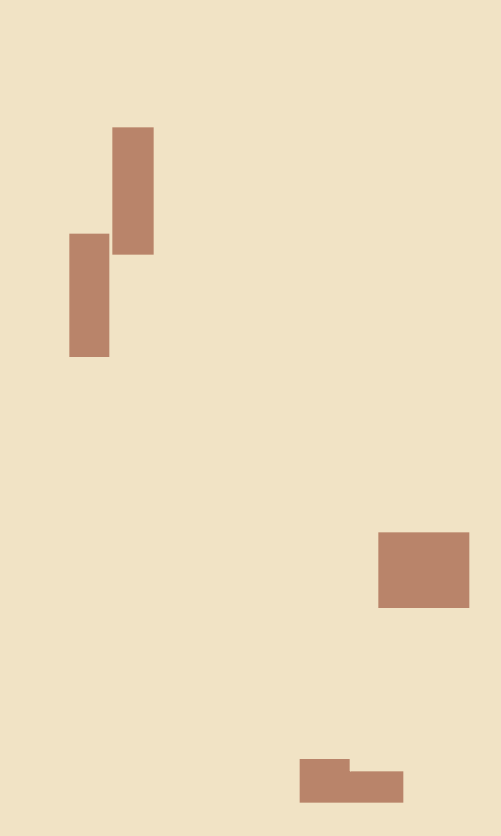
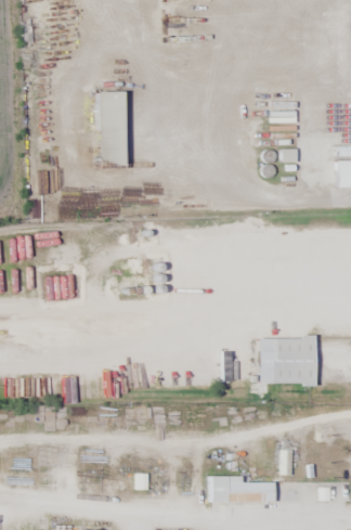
building: [69,233,110,358] -> none

